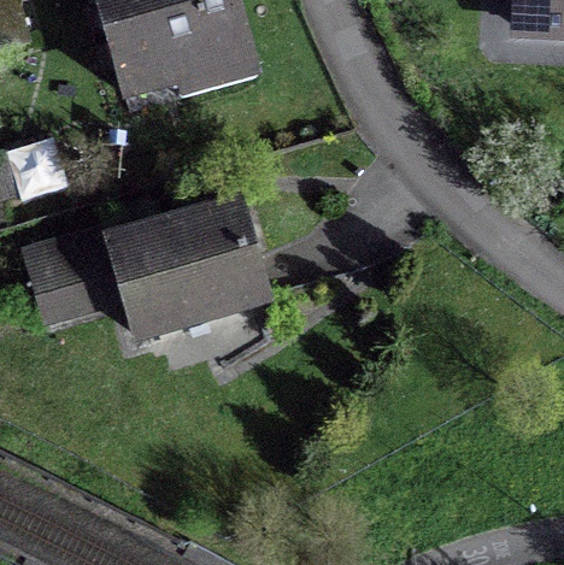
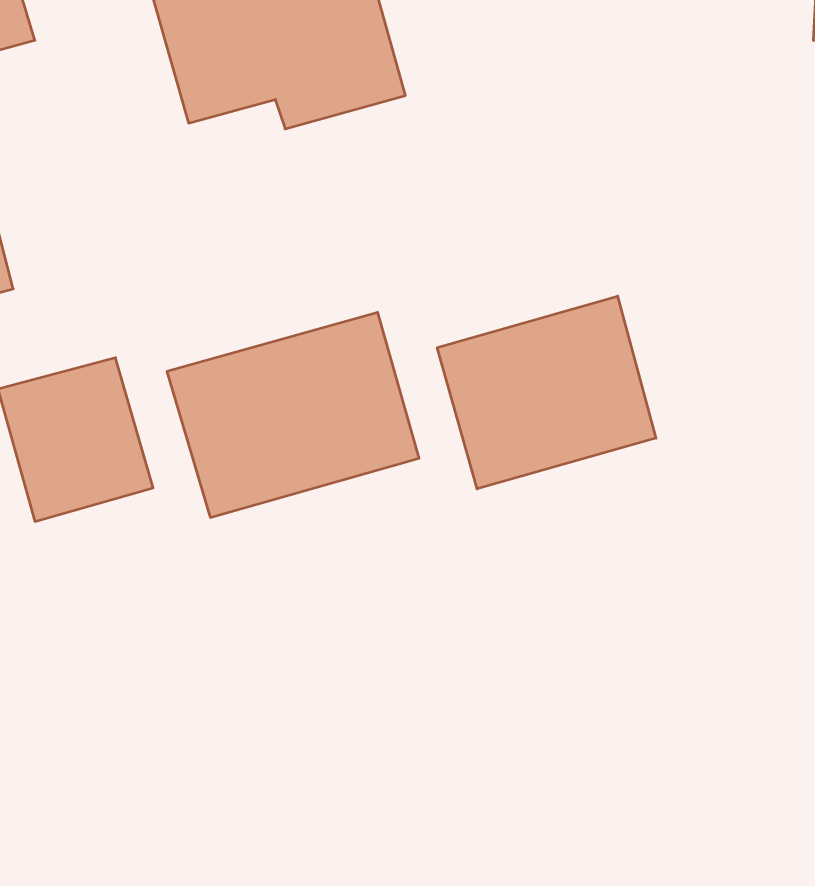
building: none -> [437,296,656,489]

